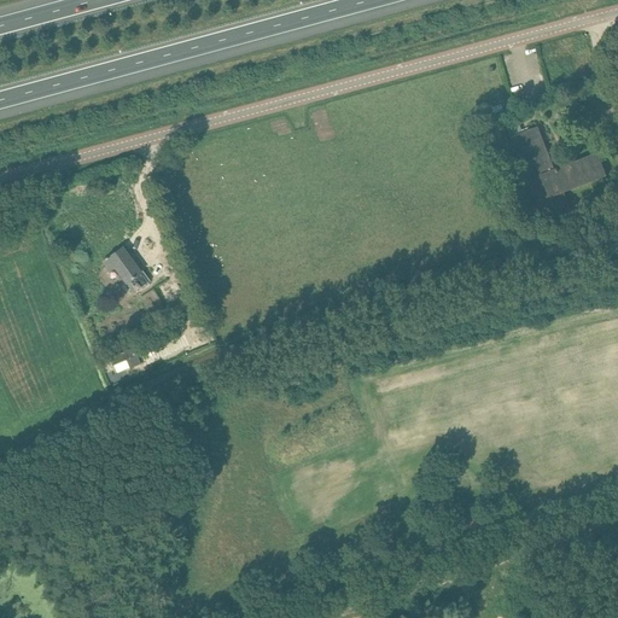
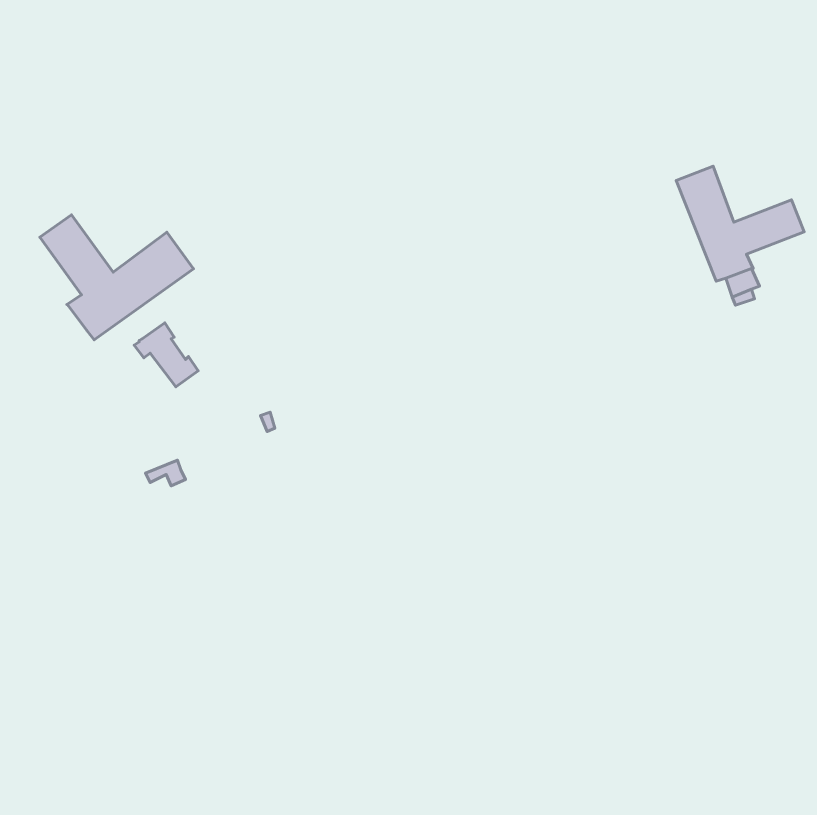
building: none -> [40,215,194,340]

